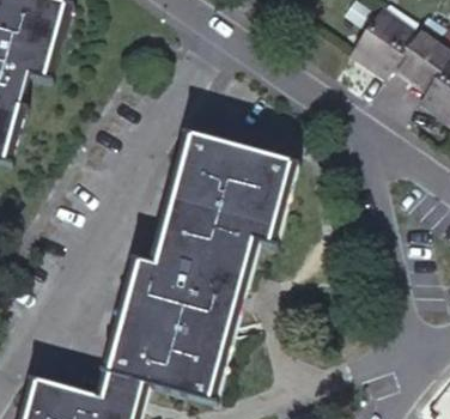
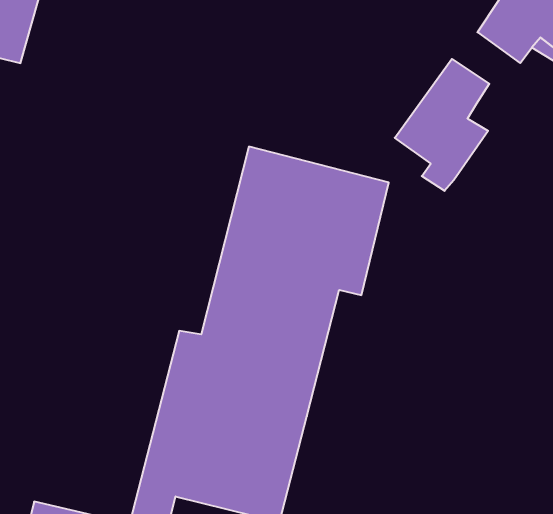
building: none -> [395,59,489,191]

